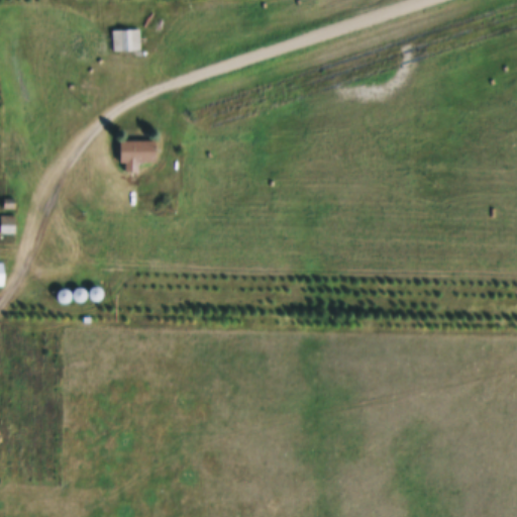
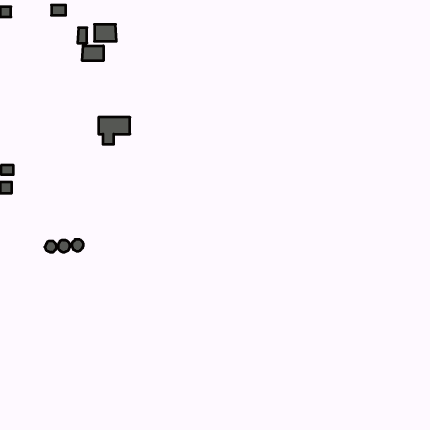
building: none -> [82,46,103,61]

